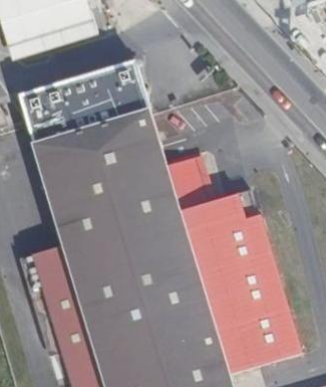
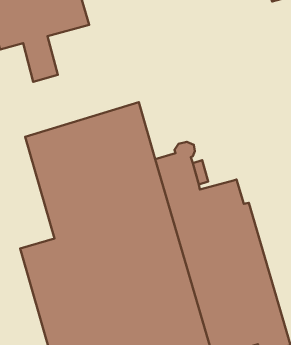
building: [24,64,150,145] -> none

